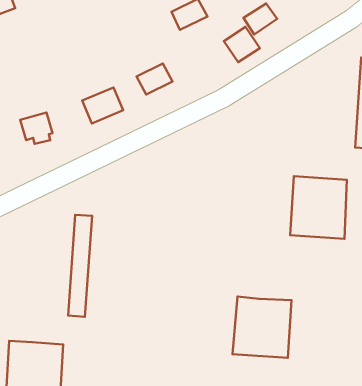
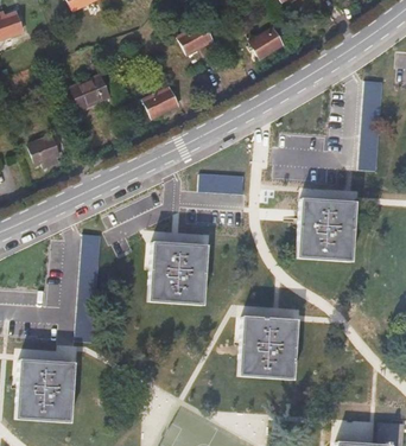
building: [224,27,260,62] -> none
building: [82,87,123,123] -> [70,72,110,108]
building: none -> [198,172,246,192]
building: none -> [147,242,204,304]

